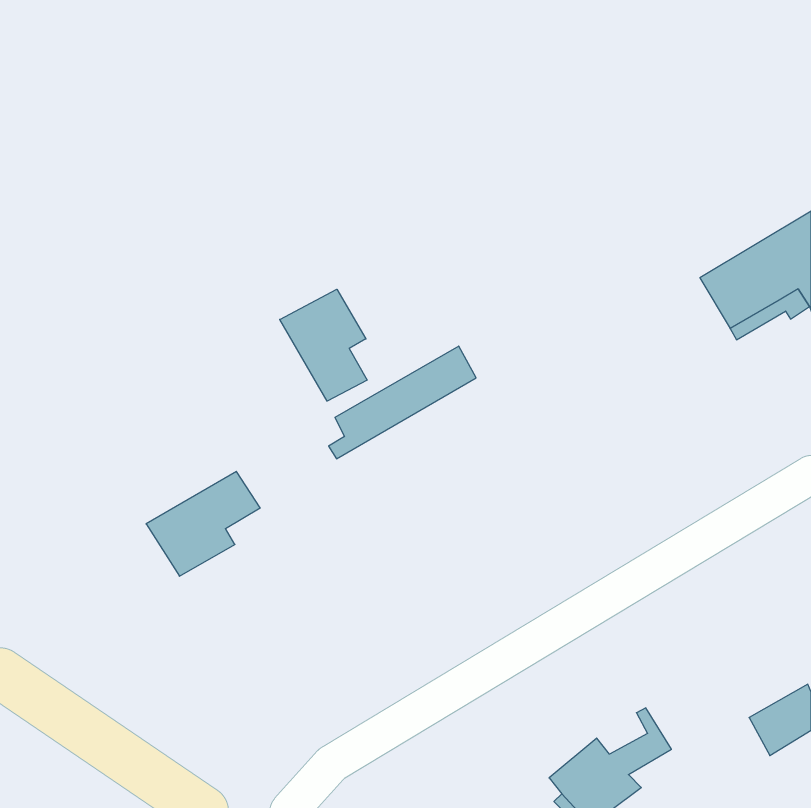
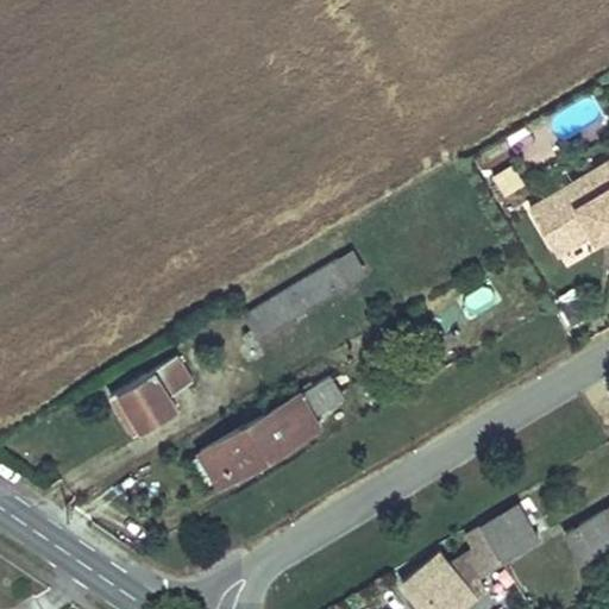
building: [280,289,367,401] -> none
building: none -> [202,376,347,486]
building: none -> [484,508,546,564]

